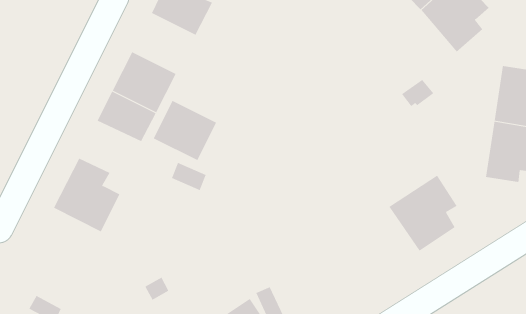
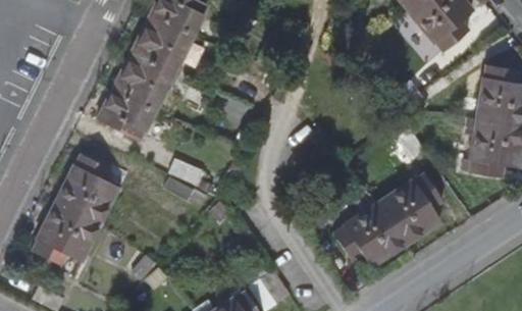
building: [153,100,217,161] -> [130,16,192,74]
building: none -> [332,202,406,267]
building: none -> [31,203,101,266]

